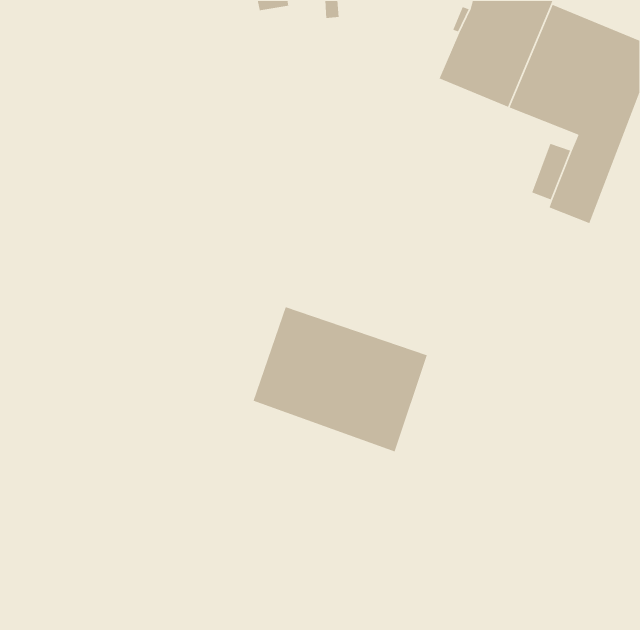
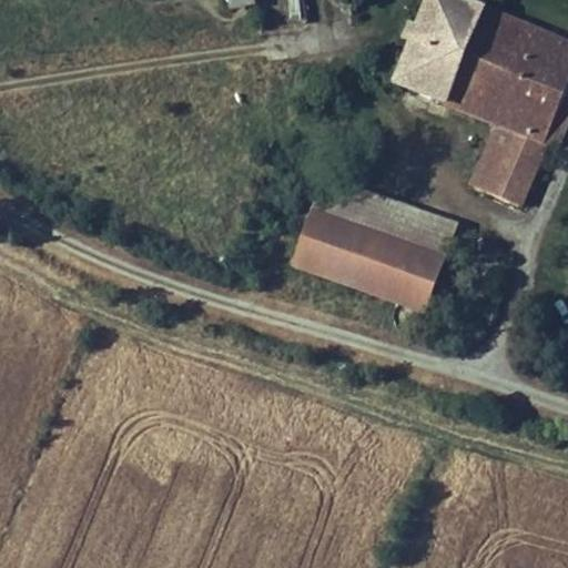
building: [253,306,428,453] -> [297,180,453,310]

